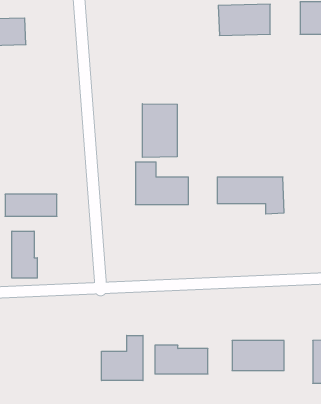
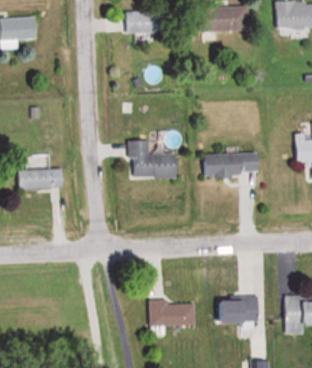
building: none -> [125,10,167,34]
building: [142,104,177,157] -> none
building: [12,231,37,278] -> none
building: [102,335,143,381] -> none

